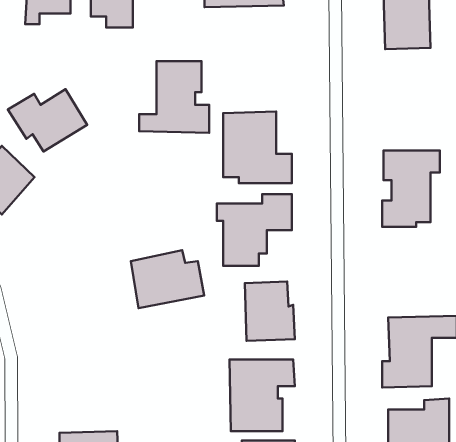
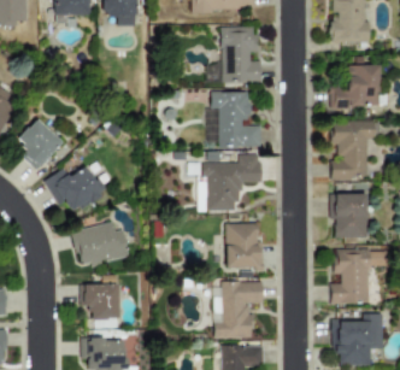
building: [139,61,209,133] -> [207,28,261,83]
building: none -> [330,66,380,108]
building: [8,89,87,151] -> [43,165,105,213]
building: none -> [333,194,367,239]
building: [131,250,204,308] -> [72,223,129,268]
building: none -> [83,284,119,319]

